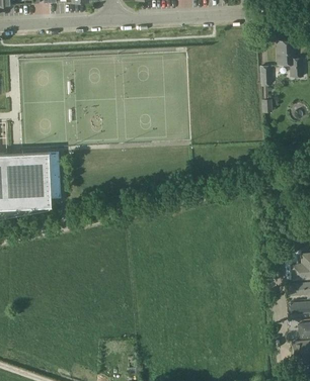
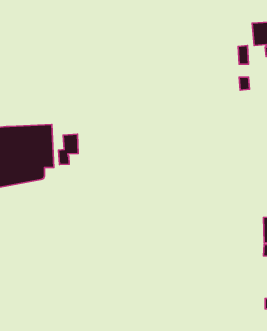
building: none -> [59,134,78,165]

